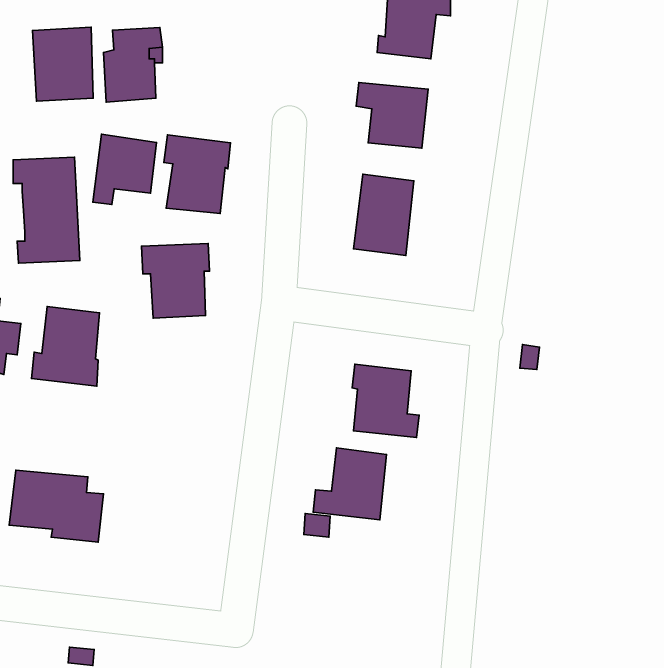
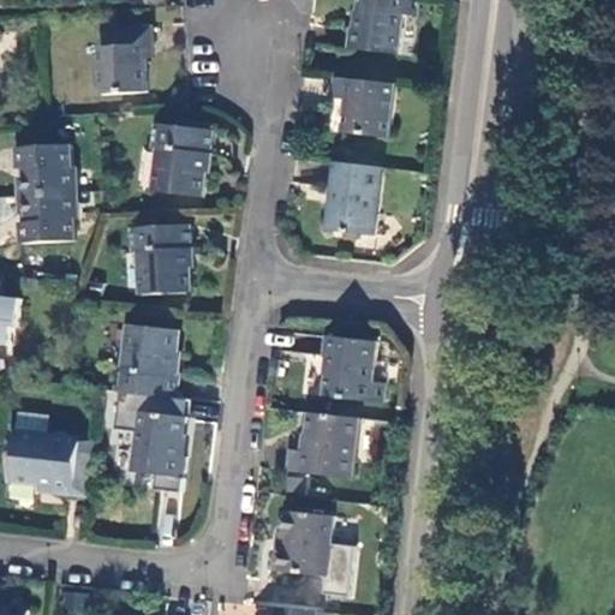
building: [33,27,93,101] -> none
building: [93,134,156,205] -> none
building: [31,306,100,386] -> [114,323,177,396]
building: none -> [125,408,185,482]
building: none -> [276,510,351,590]

